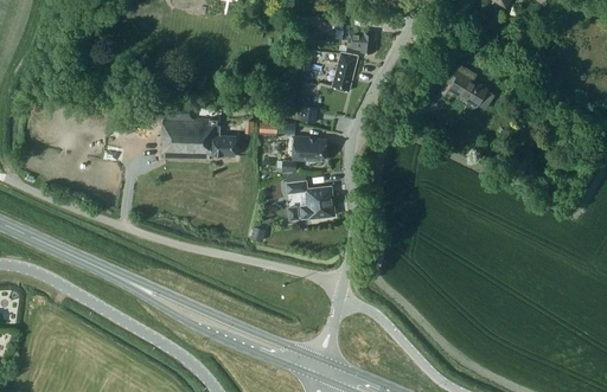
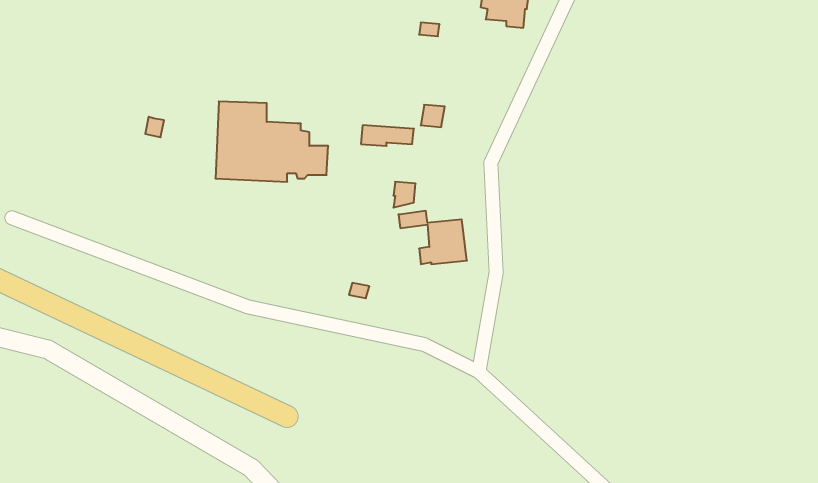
building: [332,52,357,91] -> none
building: [446,63,493,110] -> none
building: [292,136,324,159] -> none

